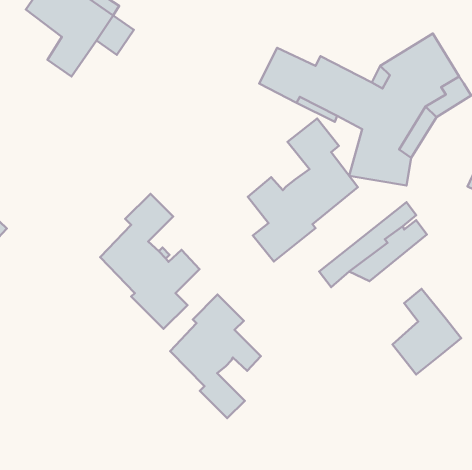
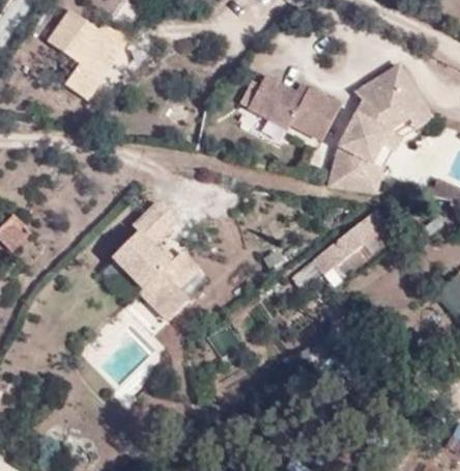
building: [248,119,358,261] -> none
building: [392,289,461,375] -> none
building: [170,295,261,418] -> none

